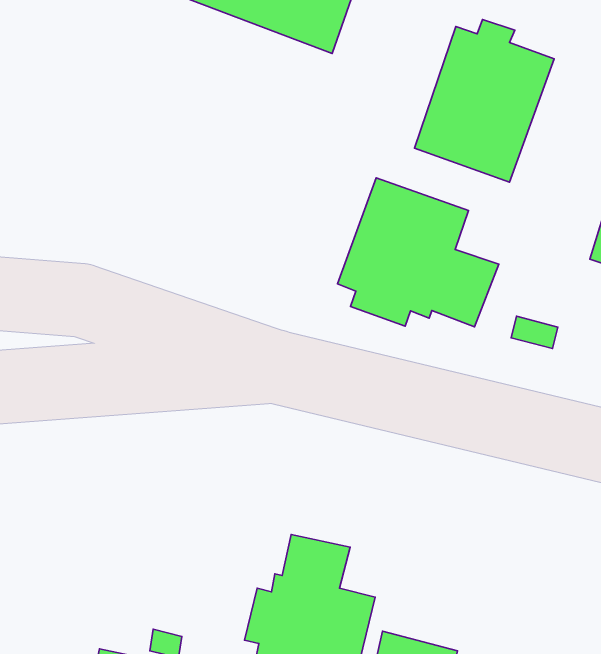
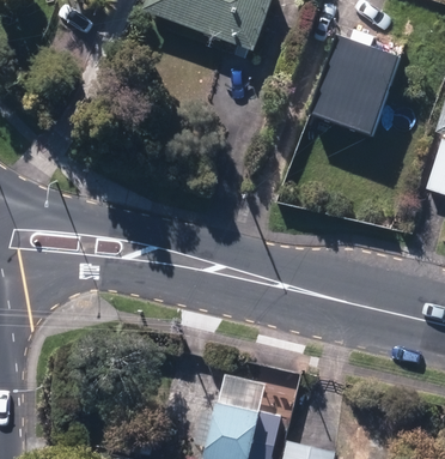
building: [338,178,499,327] -> none

